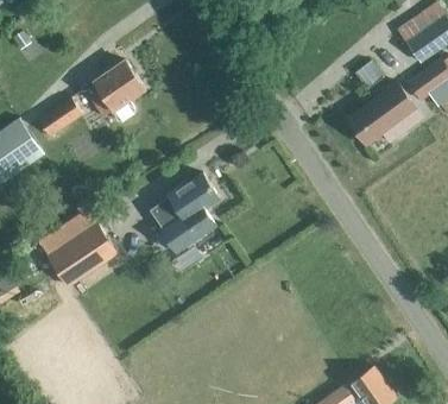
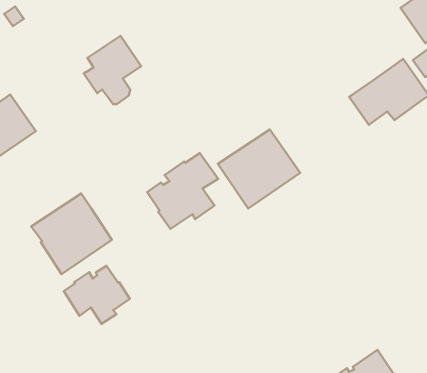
building: [38,96,82,135] -> none
building: none -> [218,129,300,209]
building: none -> [64,266,130,324]

